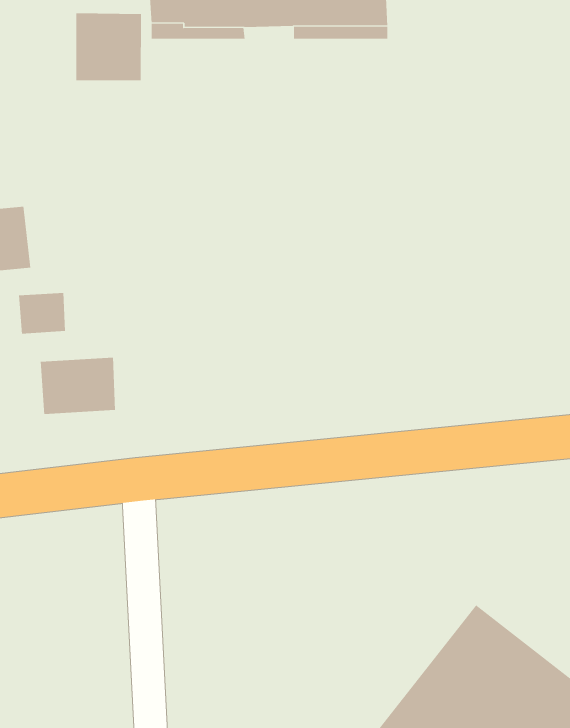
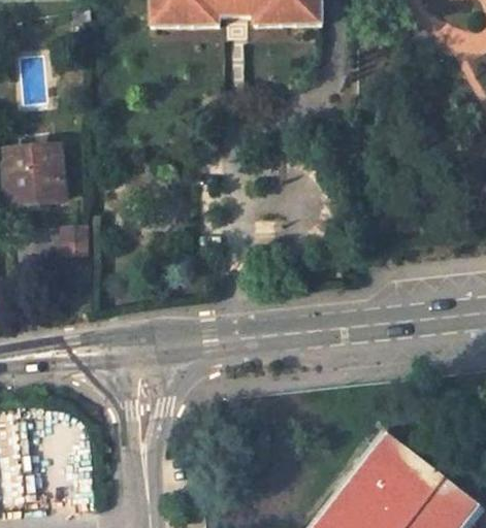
building: [76,12,141,81] -> none
building: [40,357,116,415] -> none

